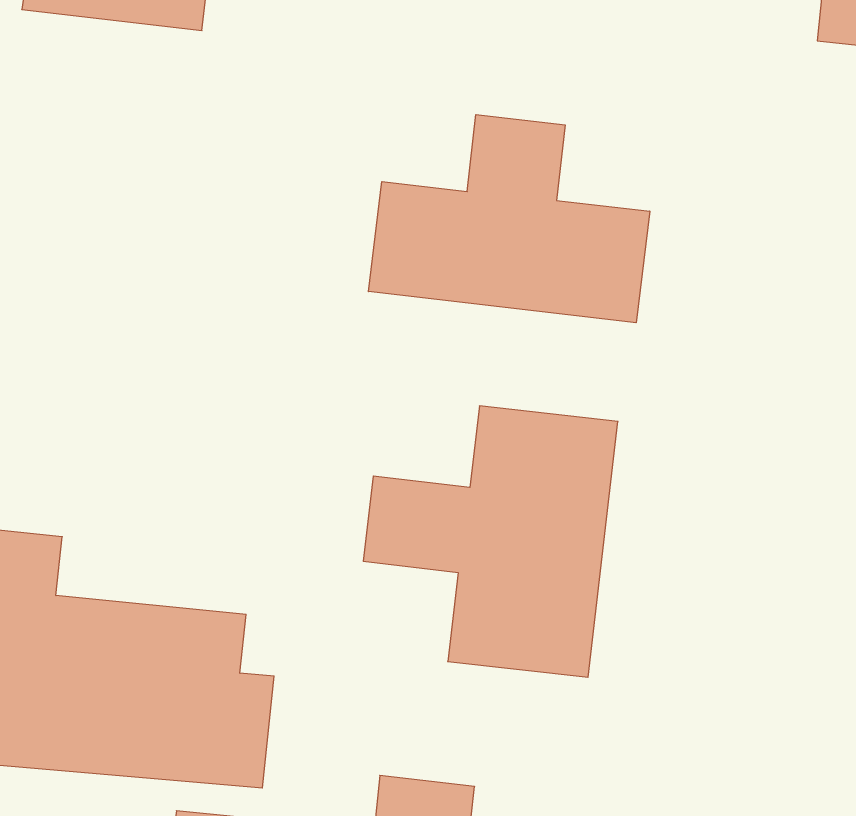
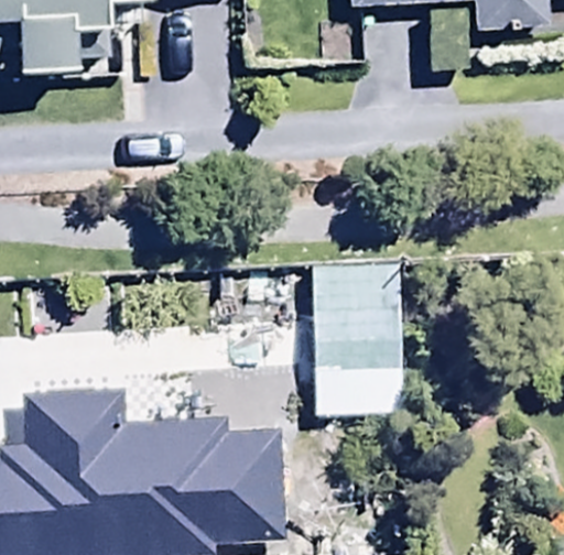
building: [368,115,650,323] -> none

